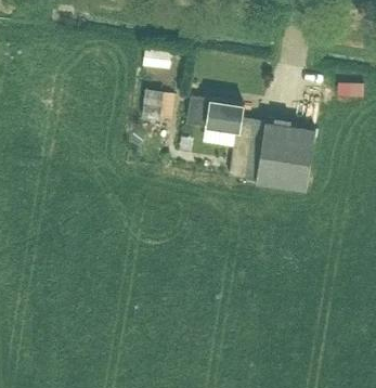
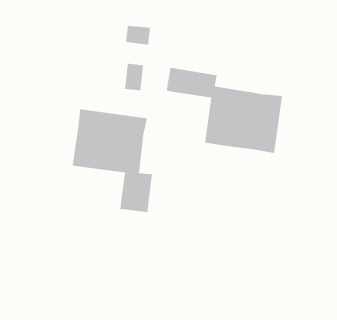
building: none -> [72,109,152,213]

